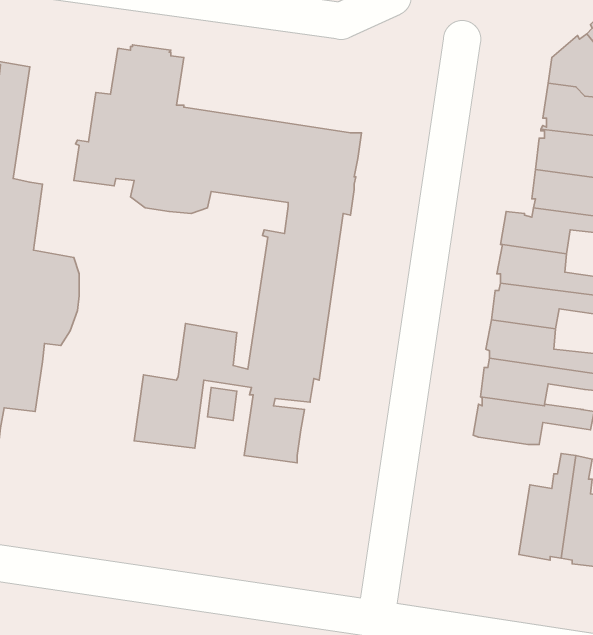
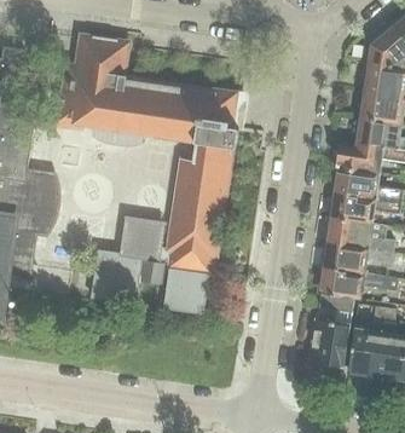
building: none -> [309,294,353,371]

